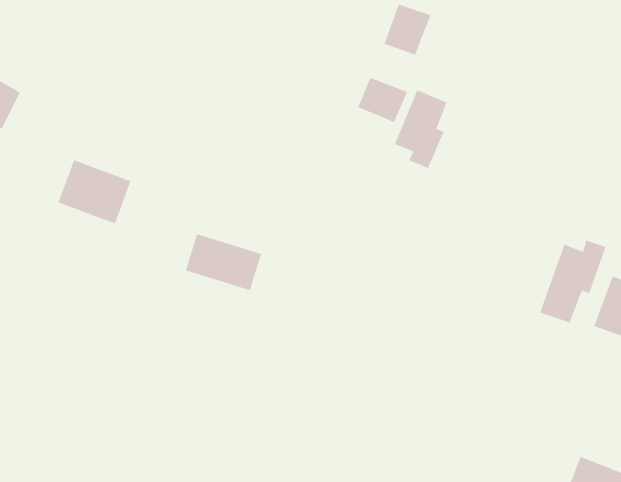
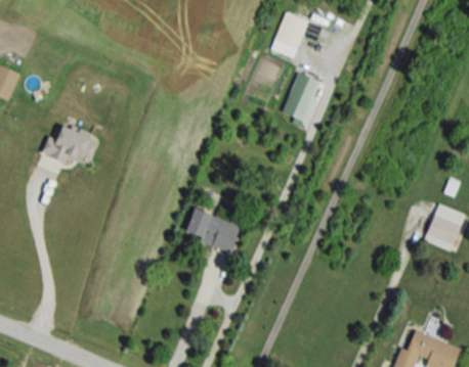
building: [357,77,408,123] -> none
building: [185,233,262,291] -> [184,210,239,250]
building: [539,239,606,324] -> none

